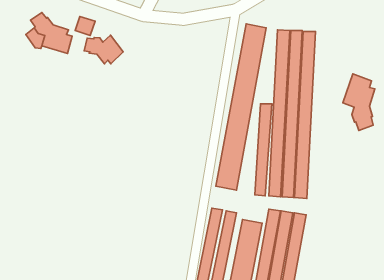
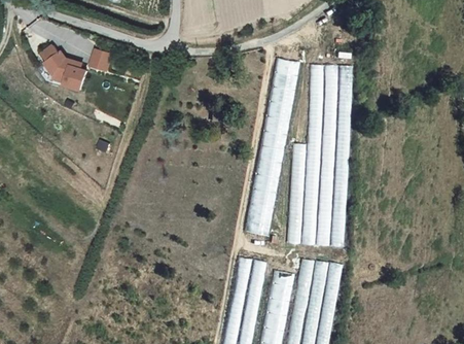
building: [84,35,123,64] -> none
building: [343,74,375,131] -> none

